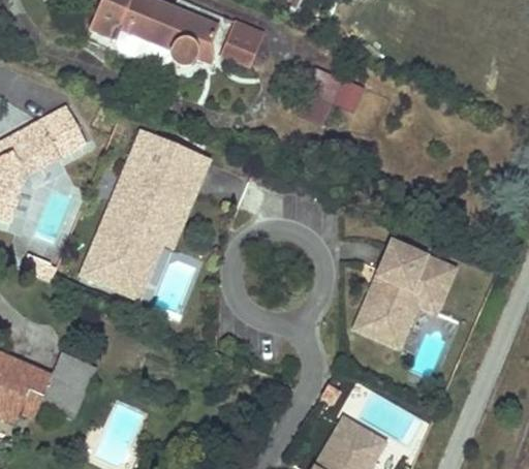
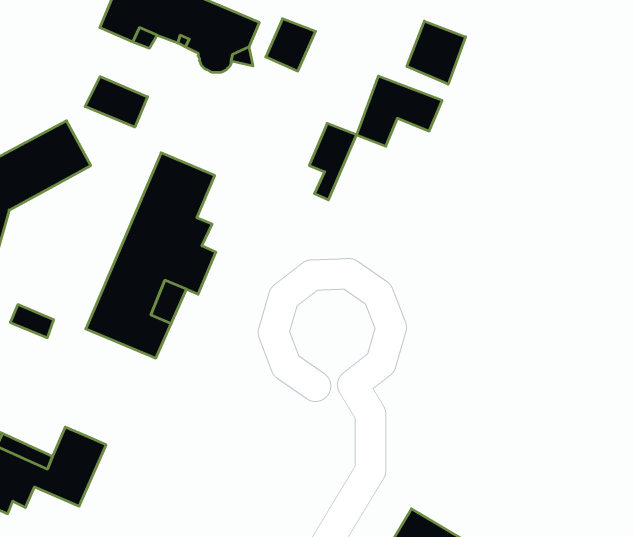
building: none -> [407,21,466,84]
building: none -> [85,77,148,127]
building: [168,149,207,211] -> [309,123,357,200]
building: [355,240,456,345] -> none

